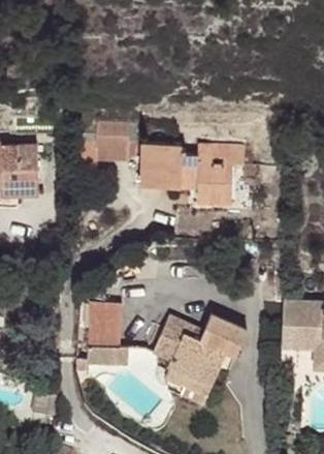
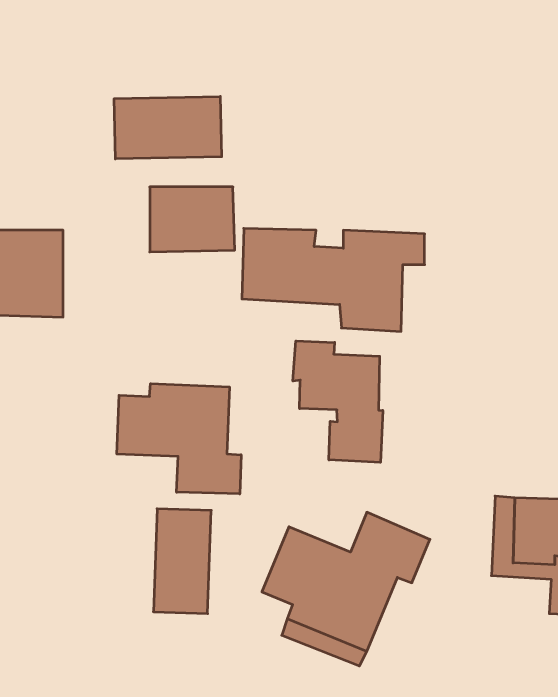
building: none -> [114,96,222,159]
building: none -> [293,341,383,462]
building: none -> [117,384,241,494]

